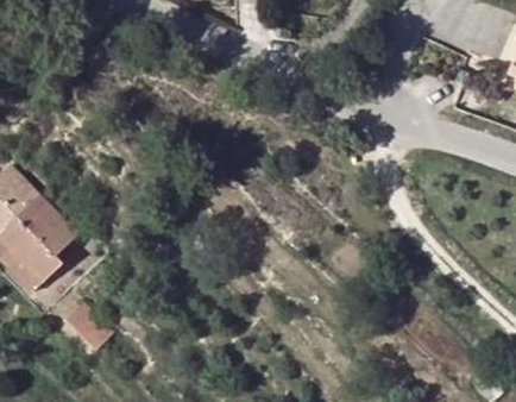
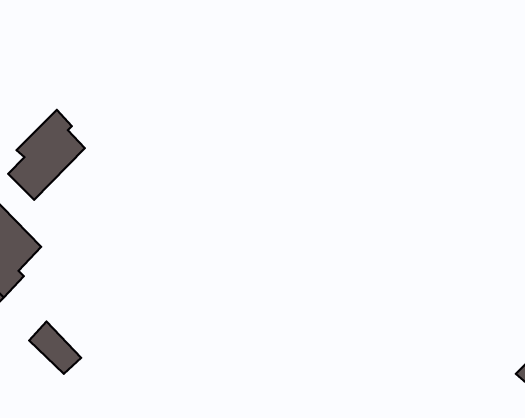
building: none -> [8,110,85,200]

